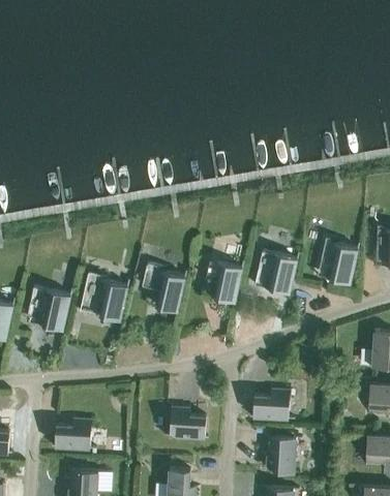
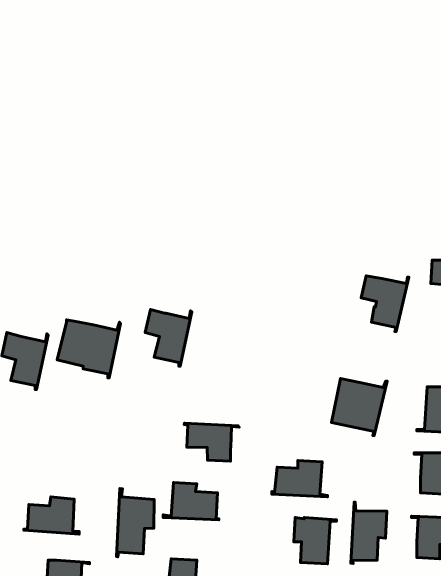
building: [253,251,298,297] -> [332,379,387,435]
building: [205,261,242,306] -> none
building: none -> [184,423,239,461]
building: none -> [117,489,154,557]
building: none -> [351,502,387,563]

